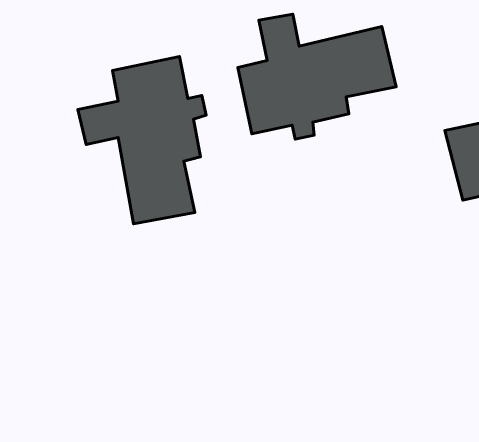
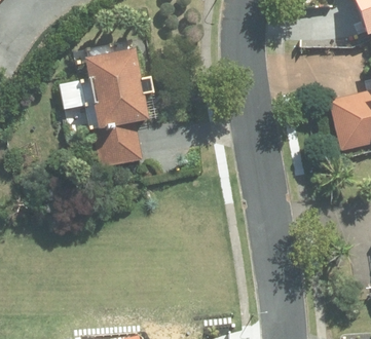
building: [238,14,396,139] -> none

